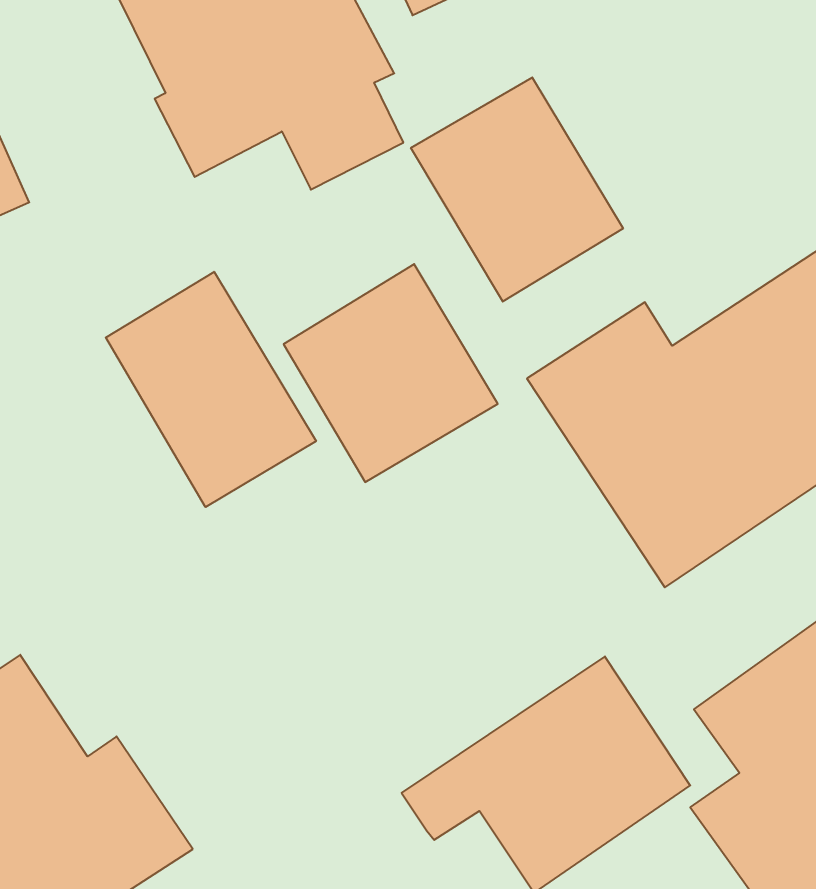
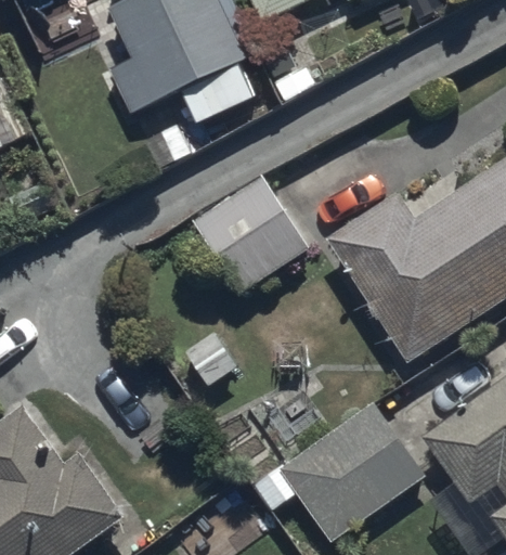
building: [411,77,623,302] -> none
building: [106,272,316,507] -> none

